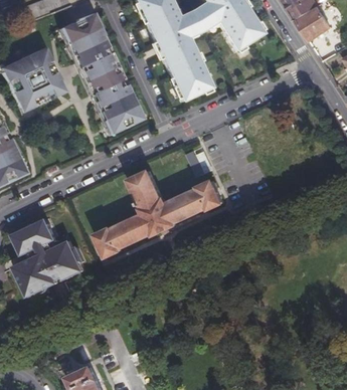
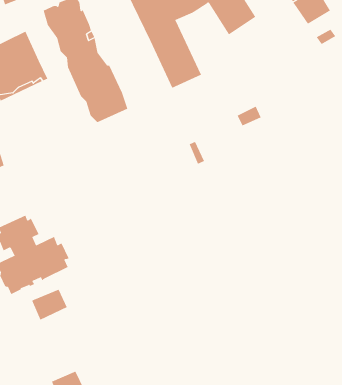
building: [98,169,222,255] -> none
building: none -> [31,289,68,320]

